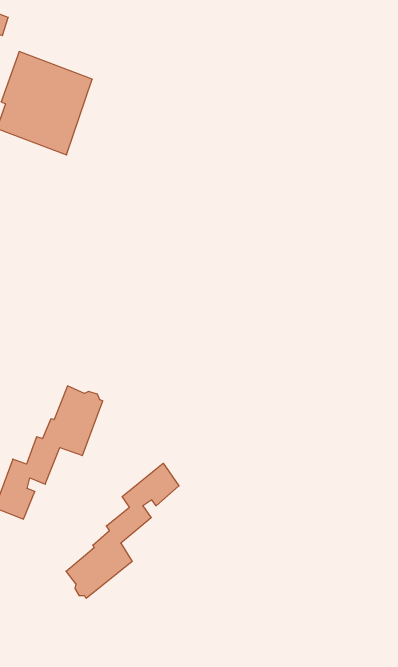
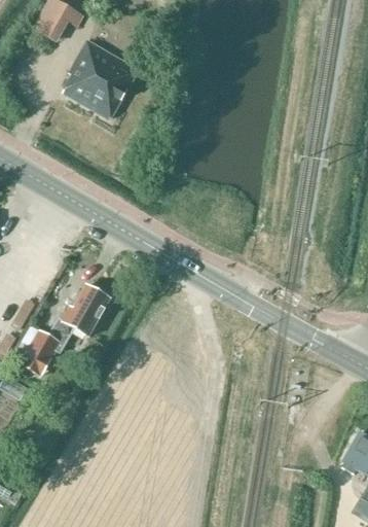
building: [66,463,179,598] -> none

